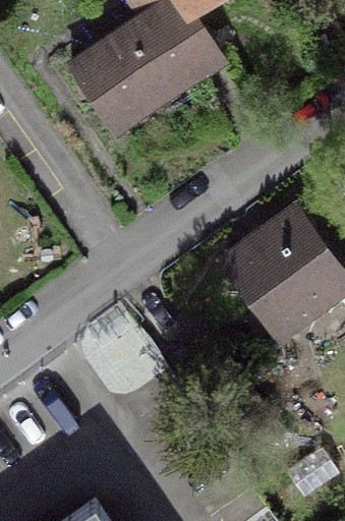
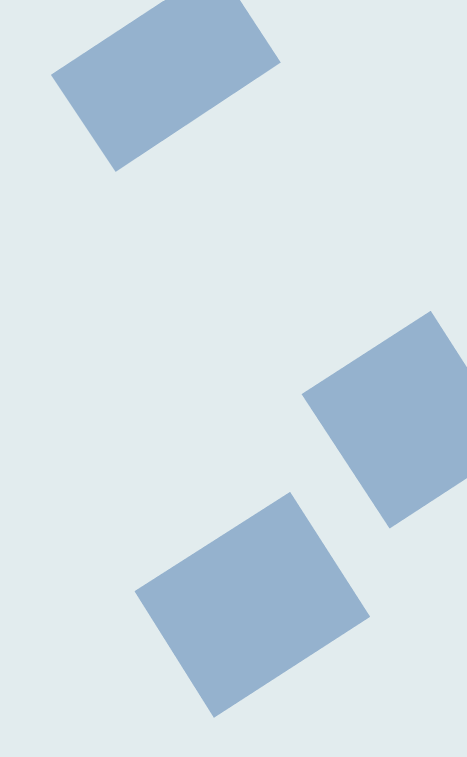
building: none -> [134,491,371,719]

